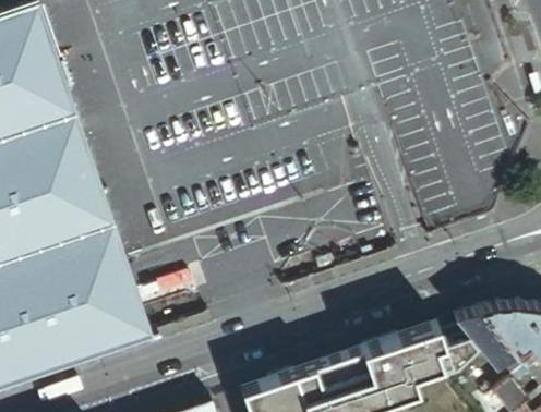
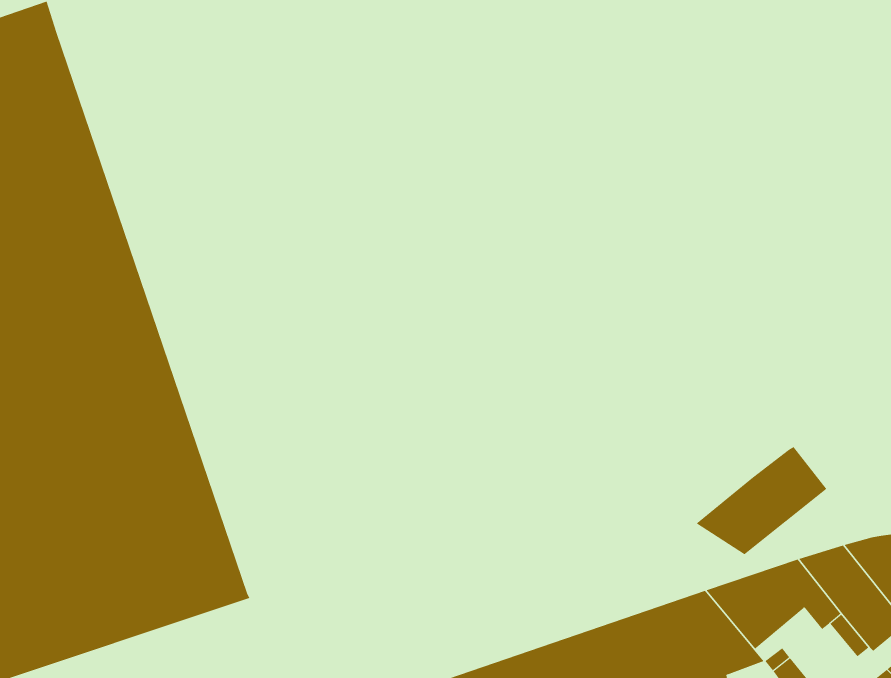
building: none -> [696,446,827,555]

